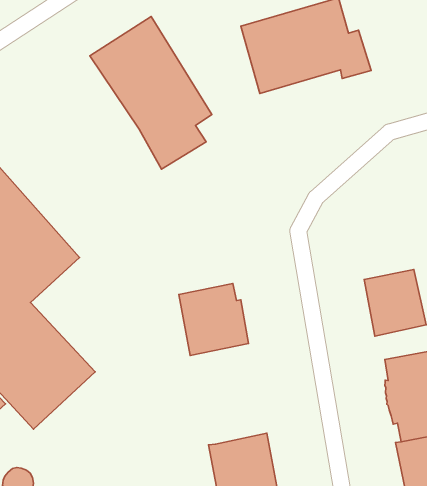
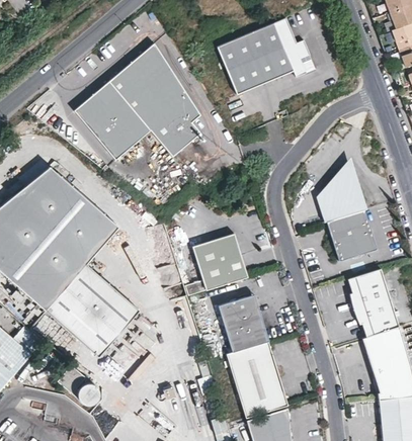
building: none -> [73,80,151,160]
building: none -> [318,167,361,222]
building: none -> [217,297,267,353]

